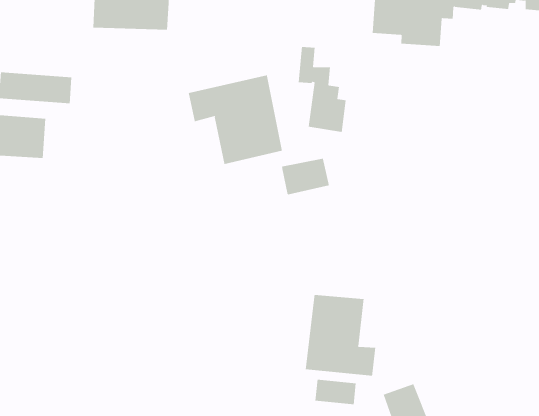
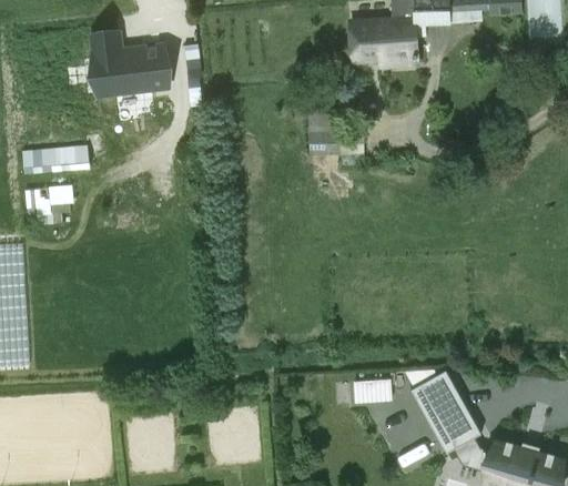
building: [188,75,283,165] -> none
building: [279,158,330,196] -> none
building: [305,294,376,376] -> none

